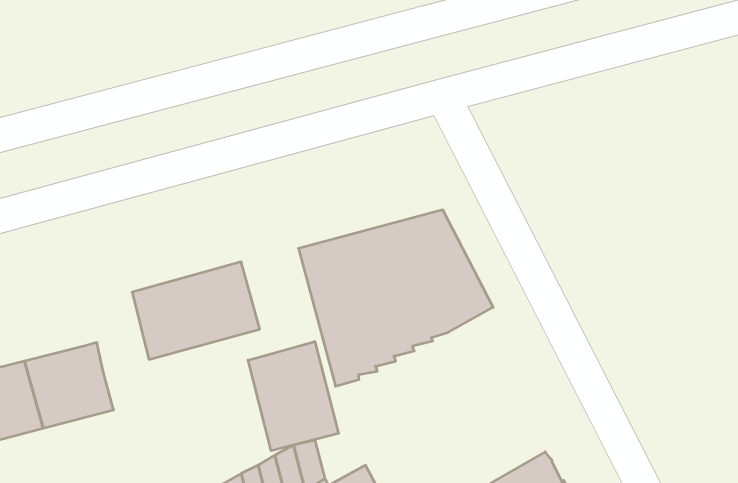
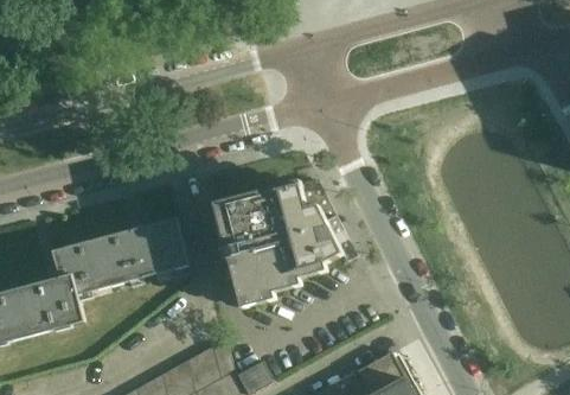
building: none -> [49,240,107,297]
building: [248,341,339,451] -> none

